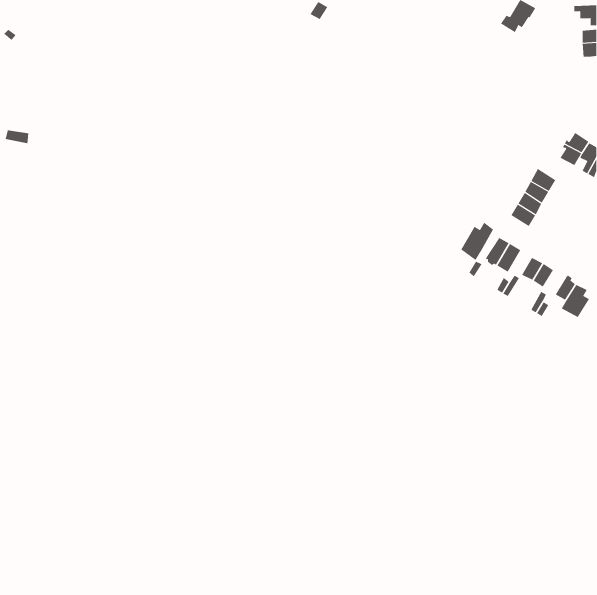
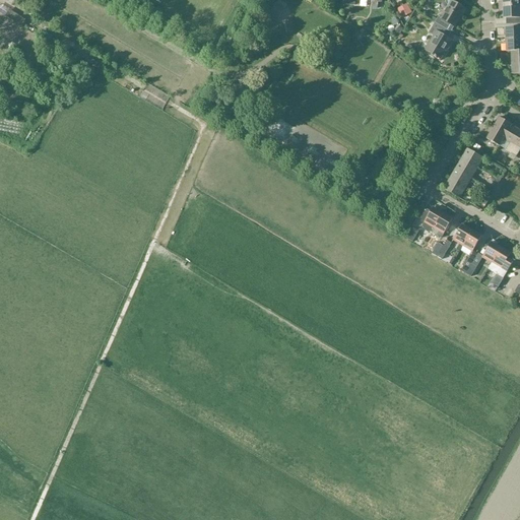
building: none -> [425,20,453,58]
building: [460,222,494,261] -> none

